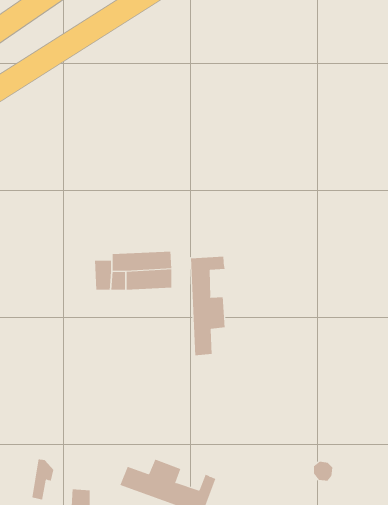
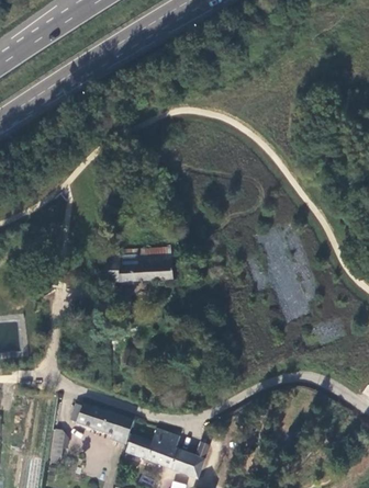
building: [191,256,225,356] -> none
building: none -> [70,404,133,443]

